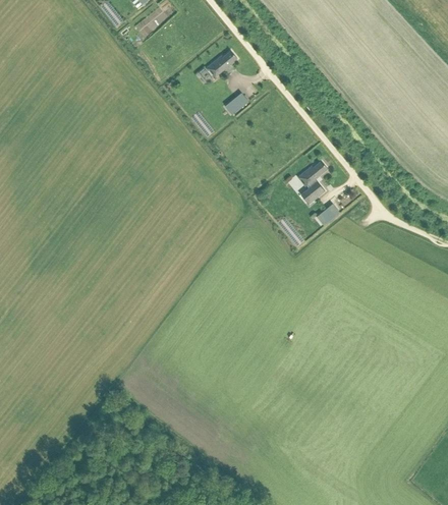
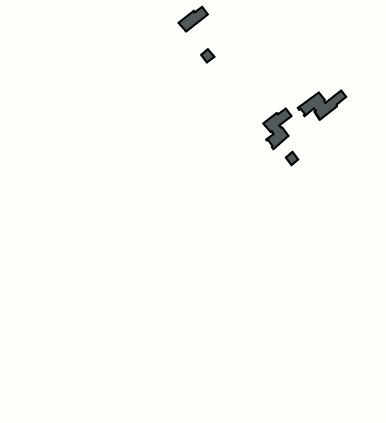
building: none -> [298,91,346,120]

